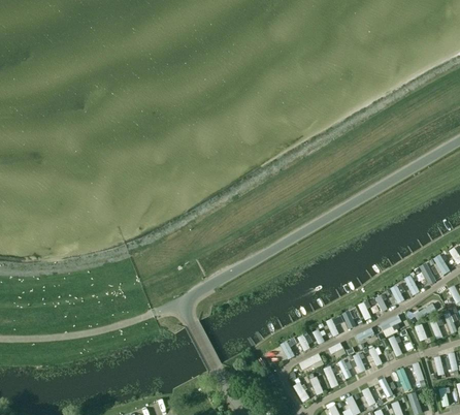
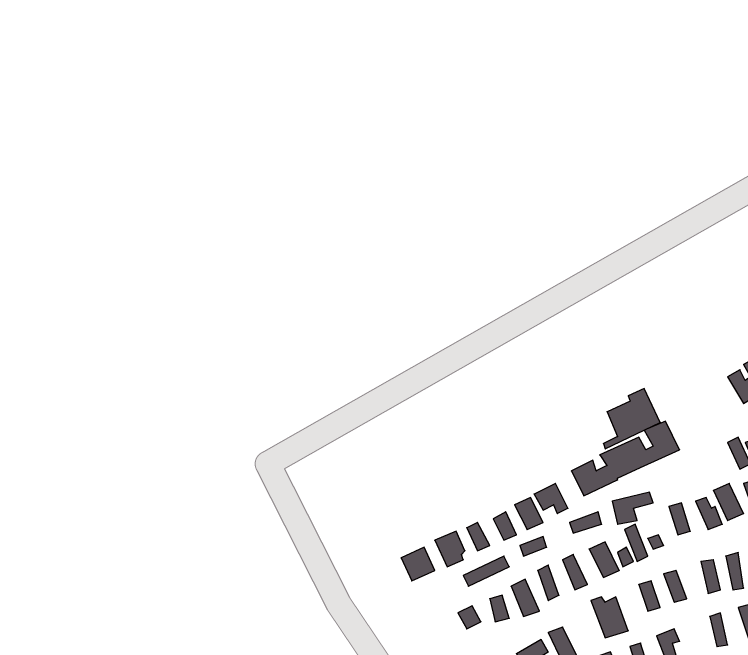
building: [418,254,451,289] -> [603,389,660,449]

